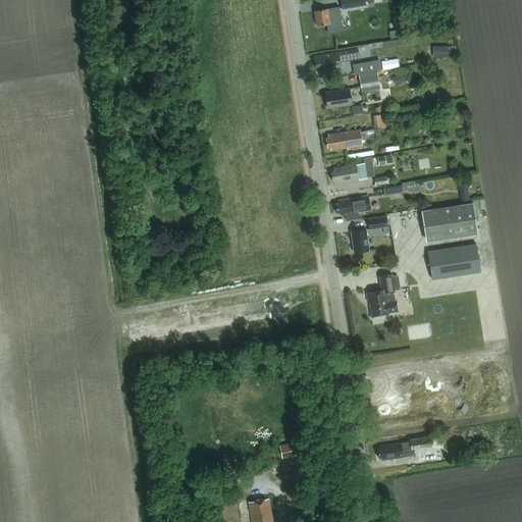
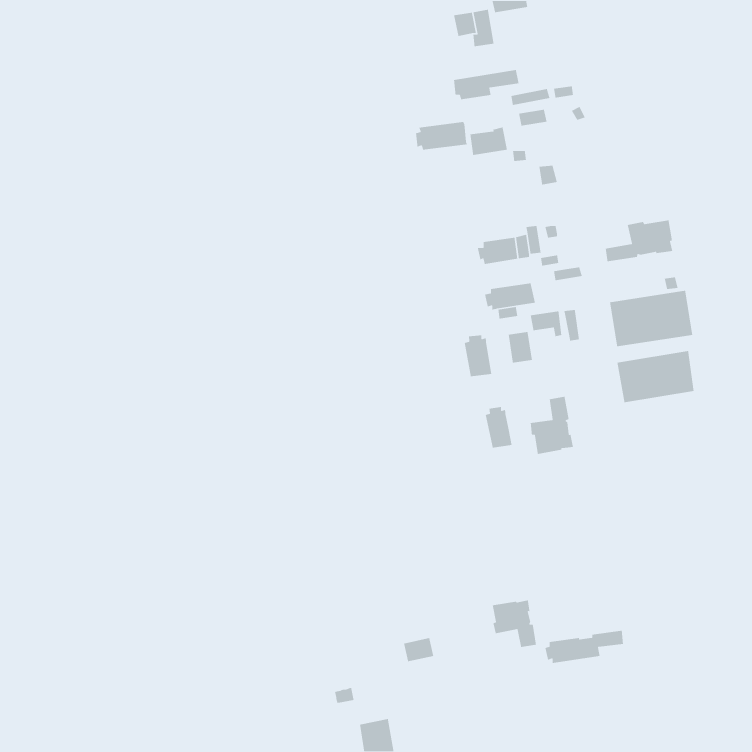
building: [325,129,362,150] -> [415,121,468,151]
building: none -> [605,219,673,262]
building: none -> [464,334,492,377]
building: none -> [485,406,512,448]
building: none -> [492,599,537,648]

